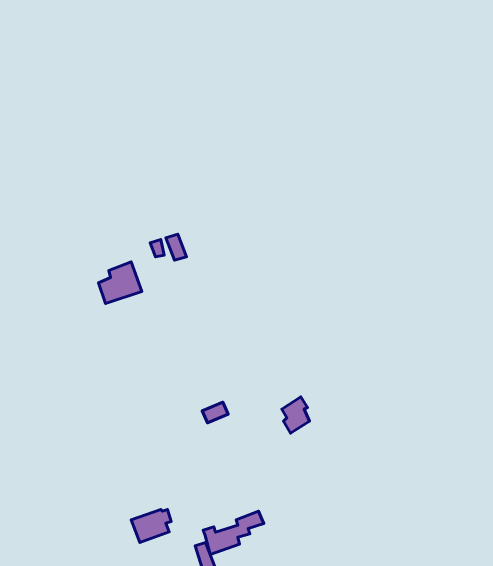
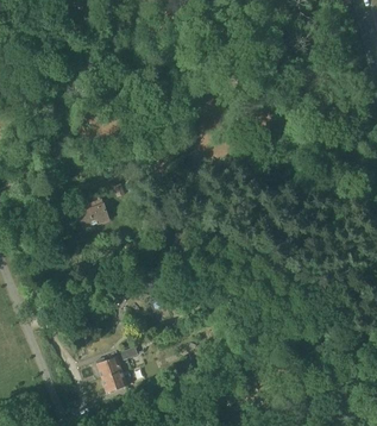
building: [203,511,264,555] -> [96,346,138,376]

